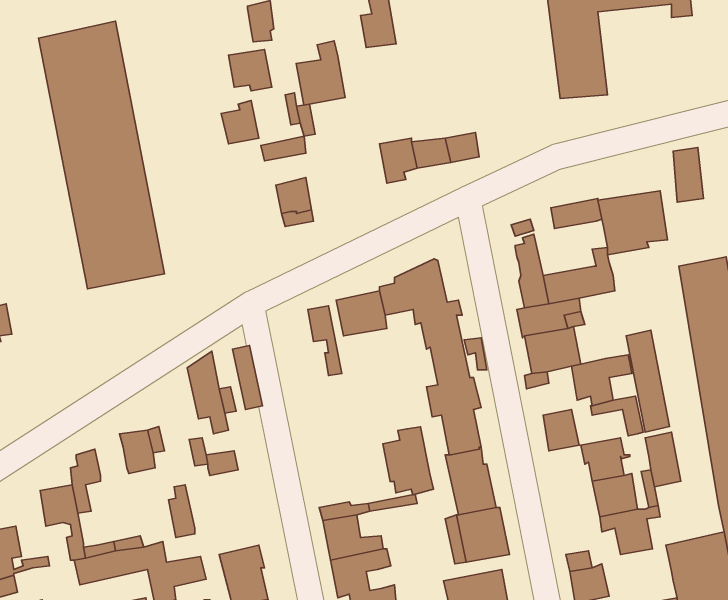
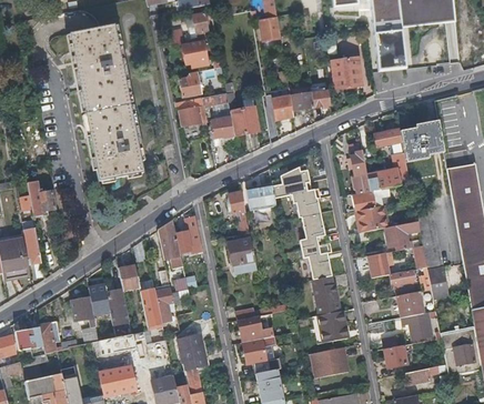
building: [296,41,345,105] -> [230,98,259,135]
building: none -> [331,57,362,88]
building: none -> [174,98,206,125]
building: [383,427,434,495] -> [226,232,256,272]
building: none -> [105,284,129,324]
building: none -> [155,287,189,323]

